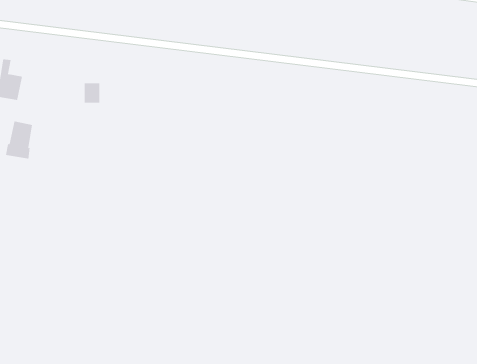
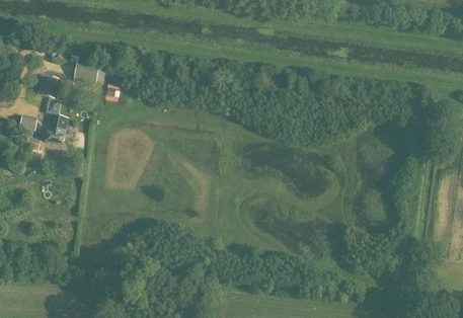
building: none -> [73,61,98,84]

